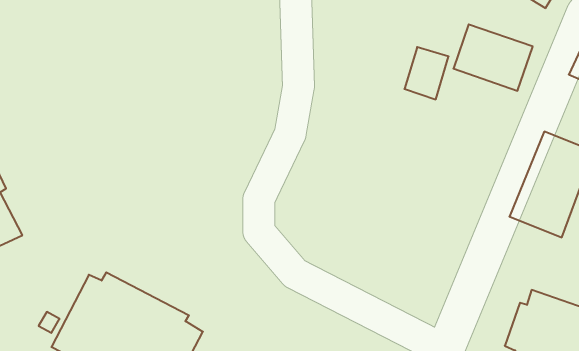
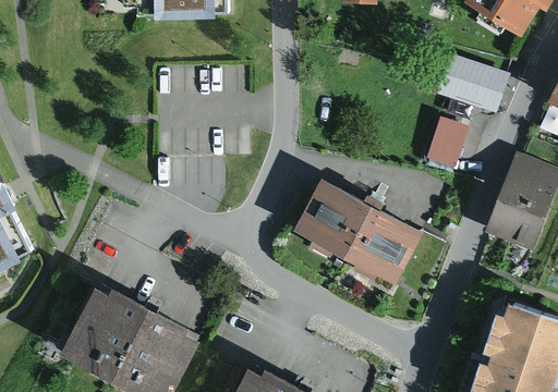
building: [404,47,449,99] -> [425,119,466,168]
building: none -> [292,179,423,284]

